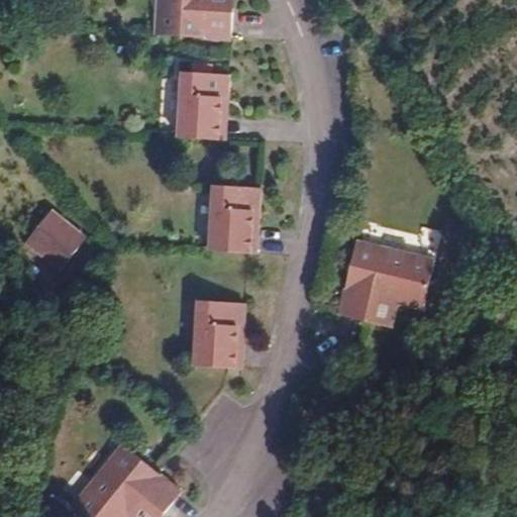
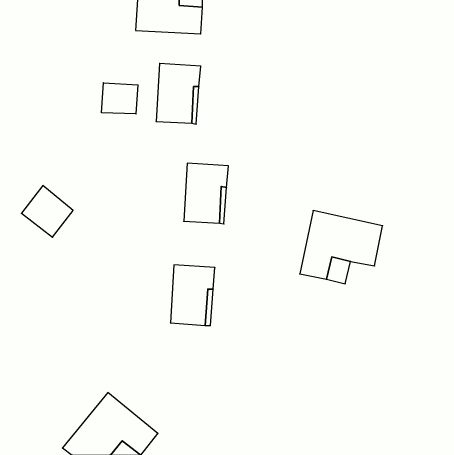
building: none -> [102,83,138,114]

